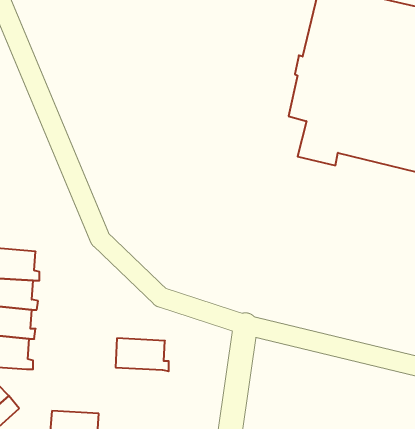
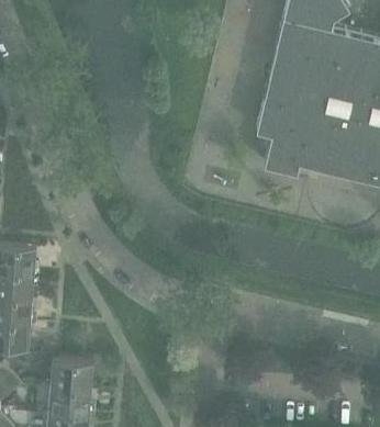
building: [116,338,169,371] -> [49,364,96,393]

